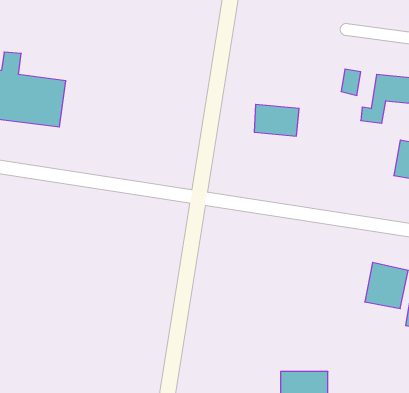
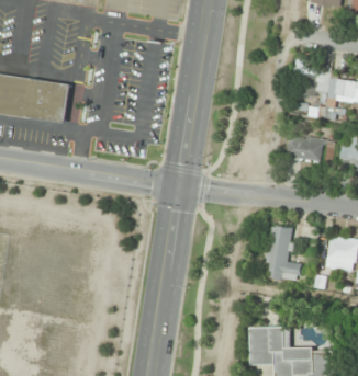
building: [254,104,299,136] -> [286,135,323,161]
building: none -> [266,226,301,282]

